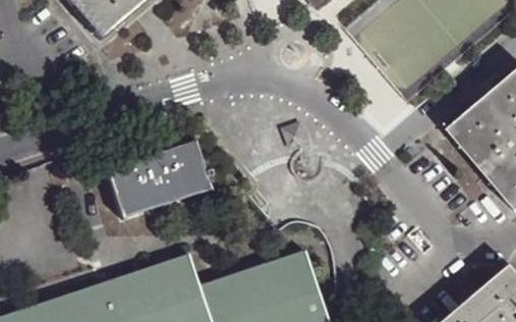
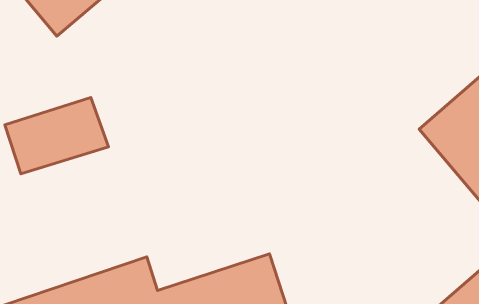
building: [107,143,208,217] -> [5,98,109,174]

